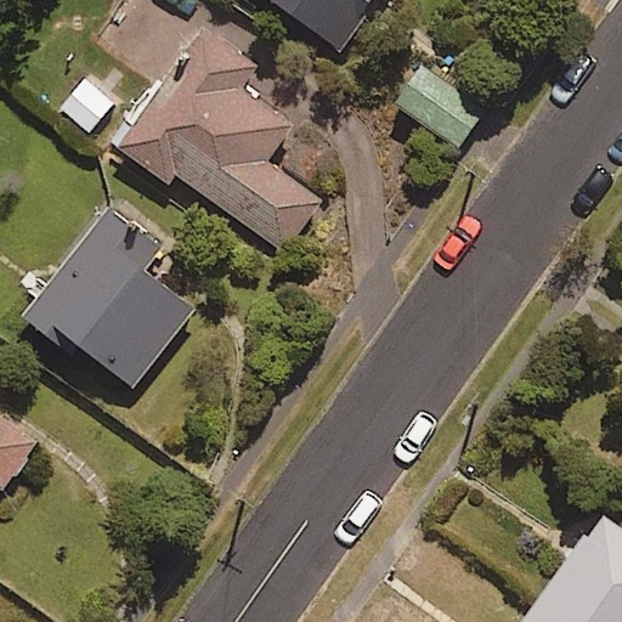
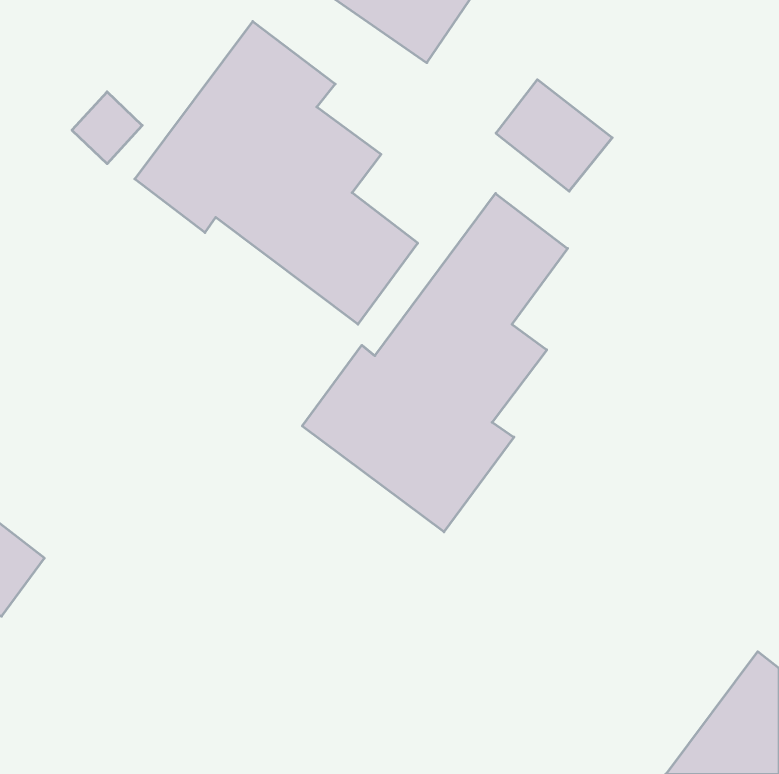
building: none -> [302,193,568,532]
building: [29,211,191,390] -> none

